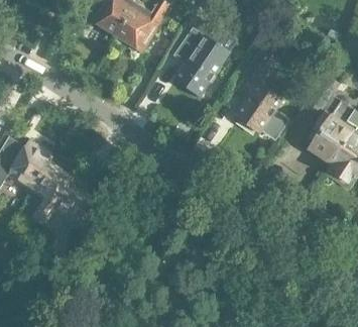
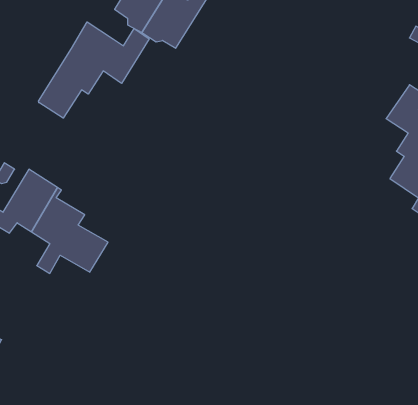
building: none -> [38,22,149,118]
building: [174,28,228,96] -> none
building: [235,68,281,133] -> none

